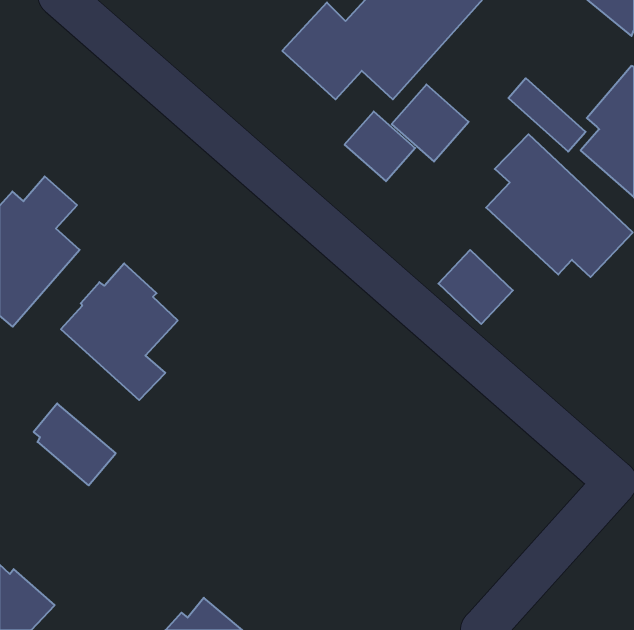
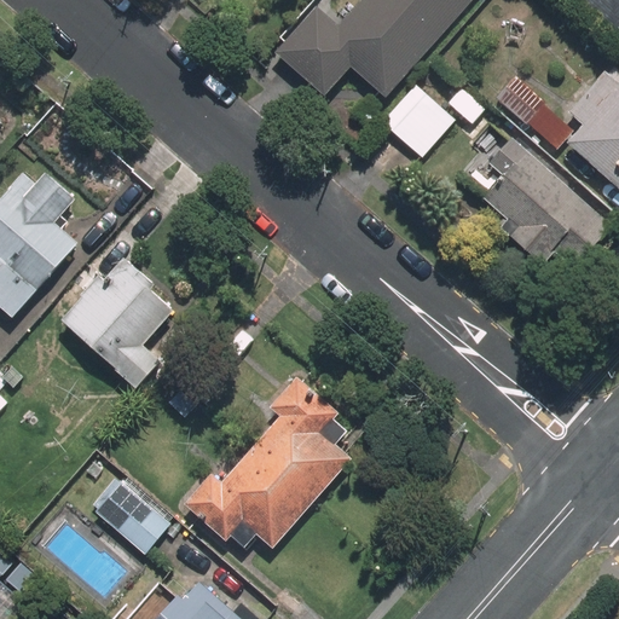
building: [345,111,415,181] -> none
building: [438,250,513,324] -> none
building: none -> [181,377,351,545]
building: [34,403,116,485] -> [92,474,172,554]

